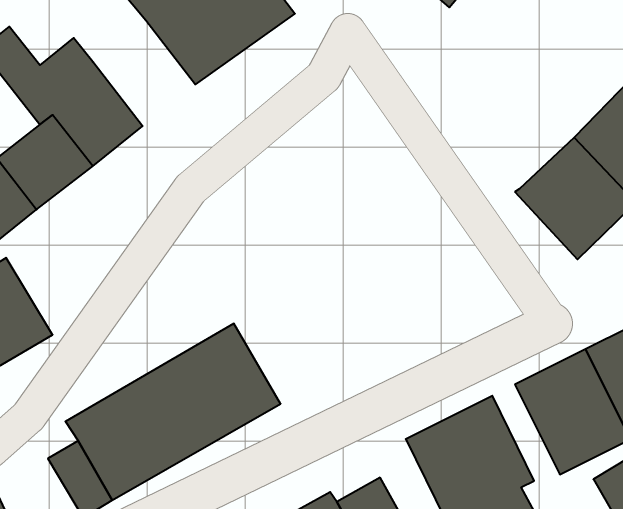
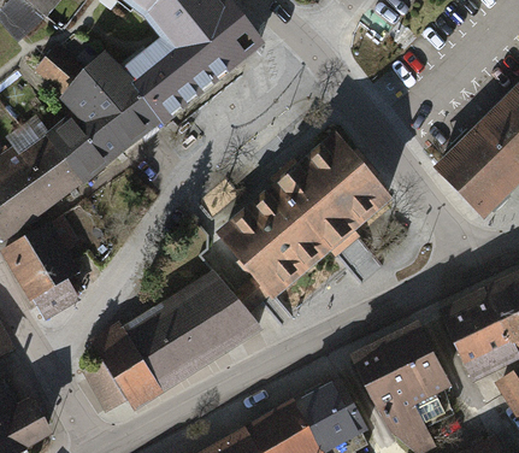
building: none -> [118,41,195,120]
building: none -> [219,130,390,293]

